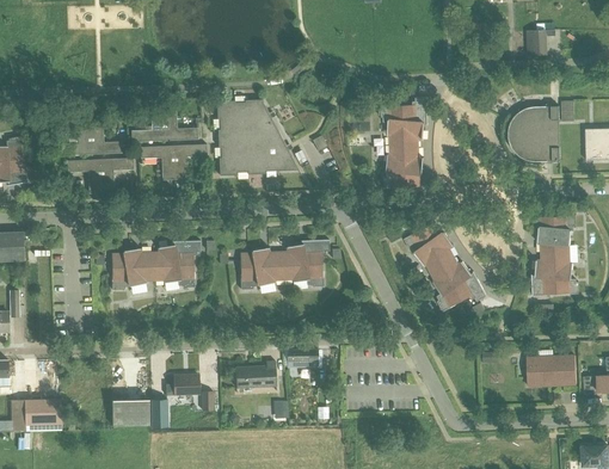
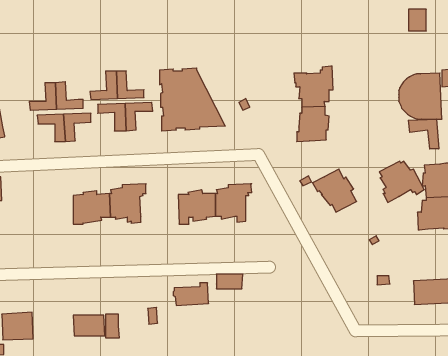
building: none -> [408,119,439,149]
building: [432,261,487,311] -> [379,161,424,202]
building: [167,375,201,395] -> none

